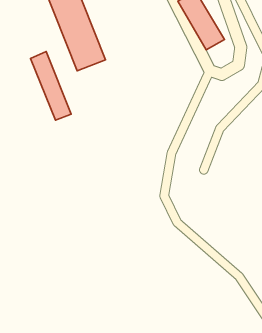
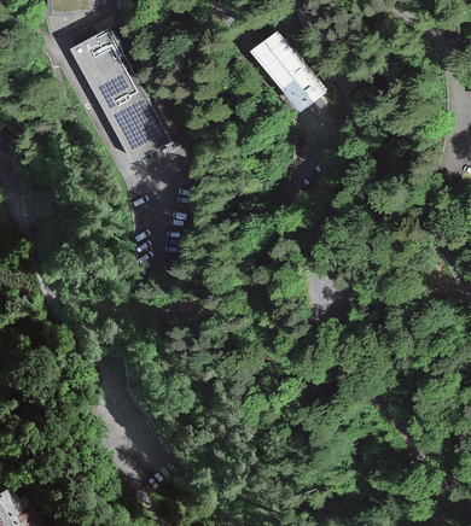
building: [31,51,71,120] -> none

